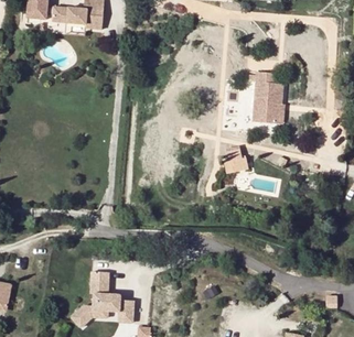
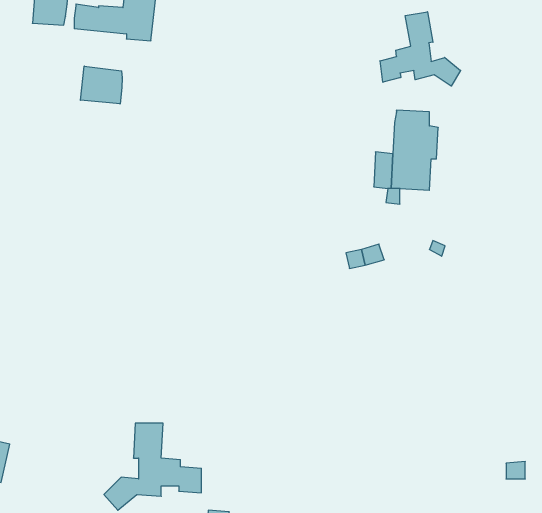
building: none -> [380,12,461,86]
building: none -> [80,66,122,104]

